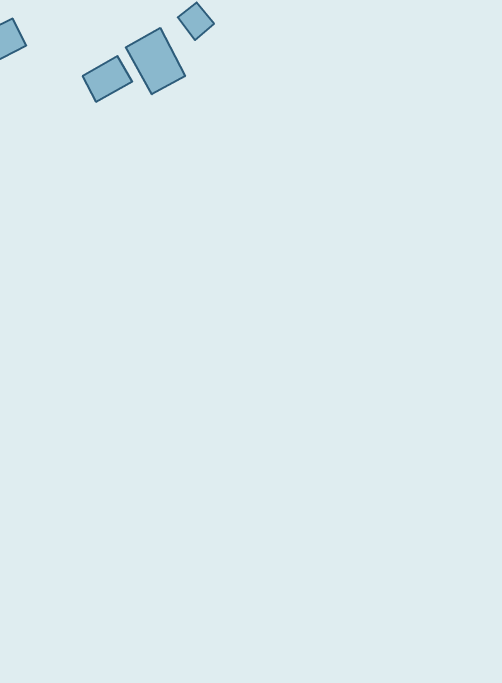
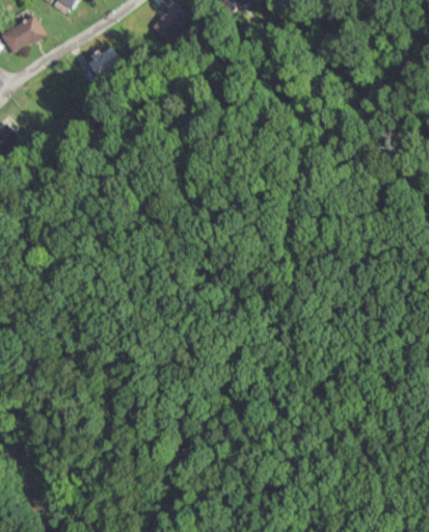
building: [126,28,185,94] -> none

